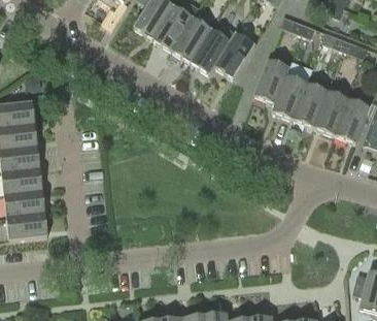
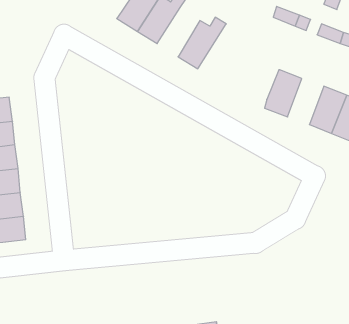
building: [171,15,211,62] -> none
building: [209,31,255,77] -> none
building: [253,59,289,102] -> none
building: [294,83,328,126] -> none

